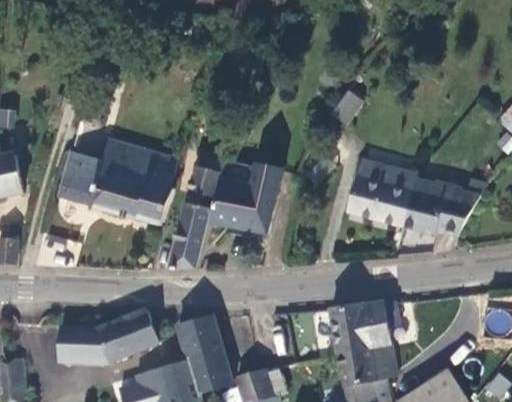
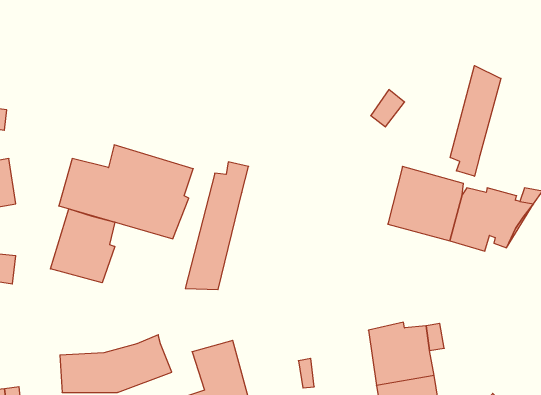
building: none -> [450,66,501,176]
building: [213,164,281,232] -> none
building: none -> [50,209,115,283]

